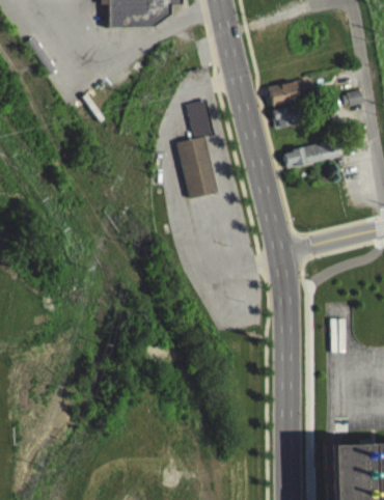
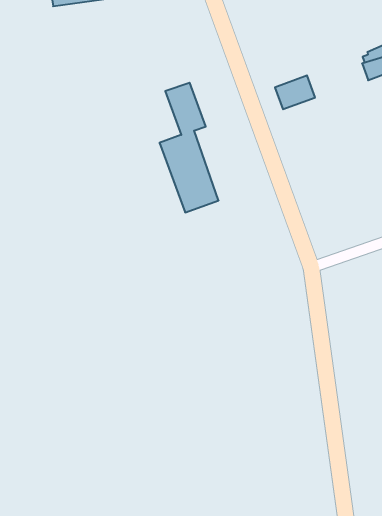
building: [270,77,310,105] -> none
building: [285,138,338,167] -> none

